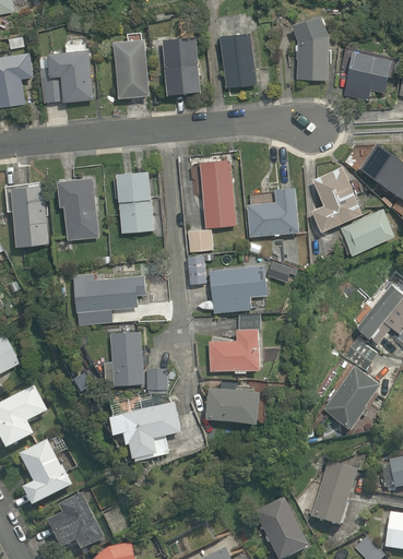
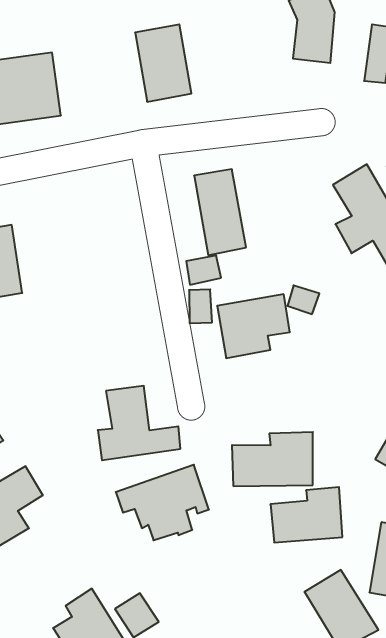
building: [220,33,254,90] -> none
building: [114,39,151,98] -> none
building: [117,174,153,234] -> none
building: [59,179,95,239] -> none
building: [246,189,298,235] -> none
building: [72,273,163,323] -> none
building: [206,329,264,370] -> [270,487,342,542]
building: [16,437,71,507] -> none

